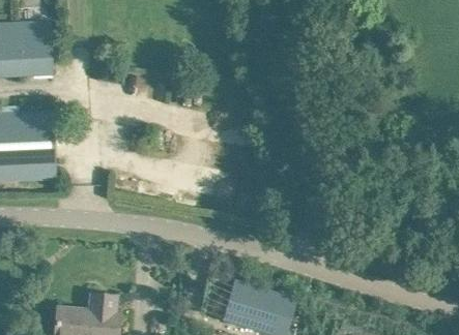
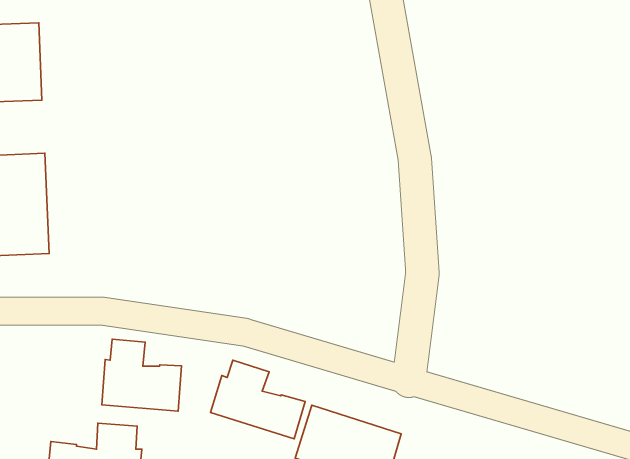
building: none -> [102,339,181,411]
building: none -> [211,360,305,439]

